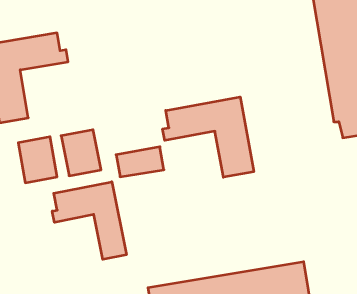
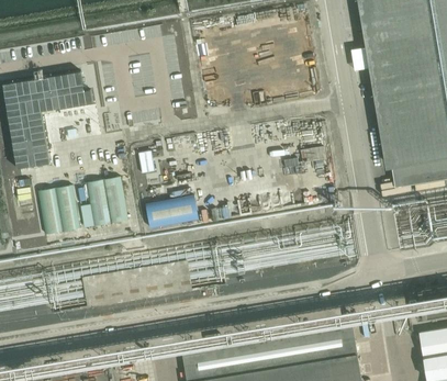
building: [163,97,254,177] -> none
building: [52,182,126,259] -> none

